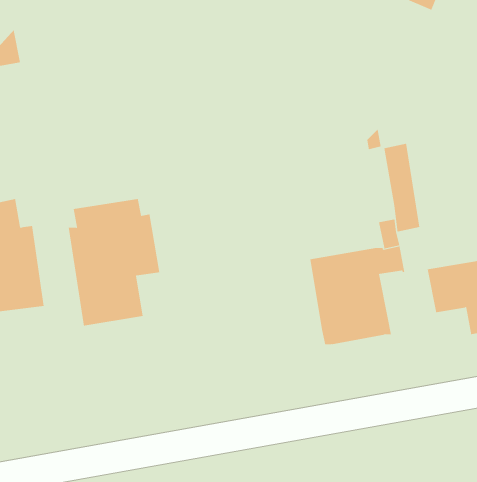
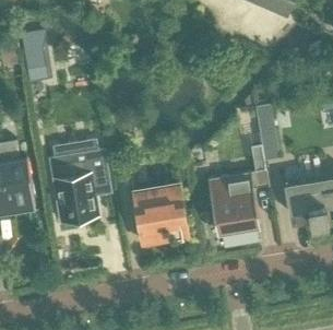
building: none -> [21,30,48,82]
building: none -> [128,164,187,244]

